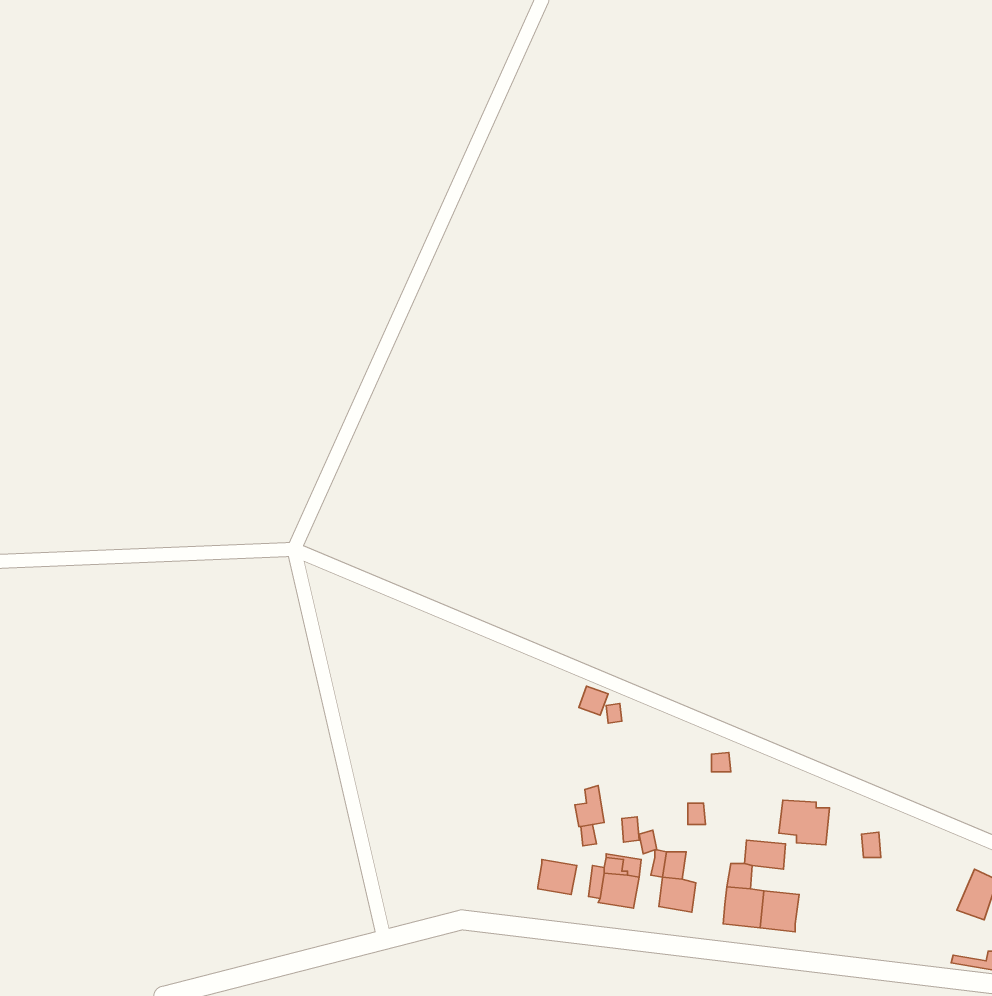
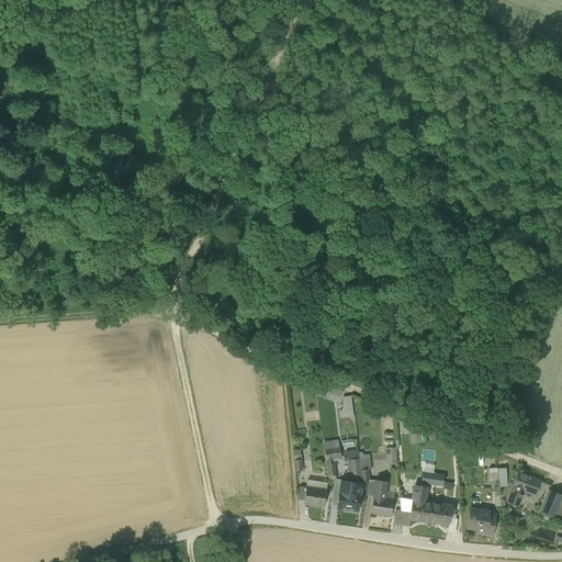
building: [779,800,830,845] -> [469,508,497,533]
building: none -> [508,472,542,507]

